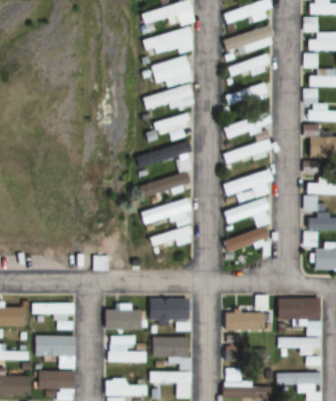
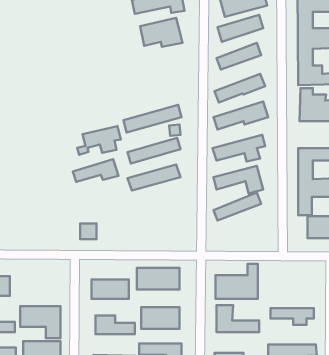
building: [143,84,195,109] -> none
building: [148,113,191,141] -> [77,126,121,155]
building: [148,225,193,247] -> [73,159,118,182]
building: [277,298,319,326] -> none
building: [32,303,73,321] -> none

